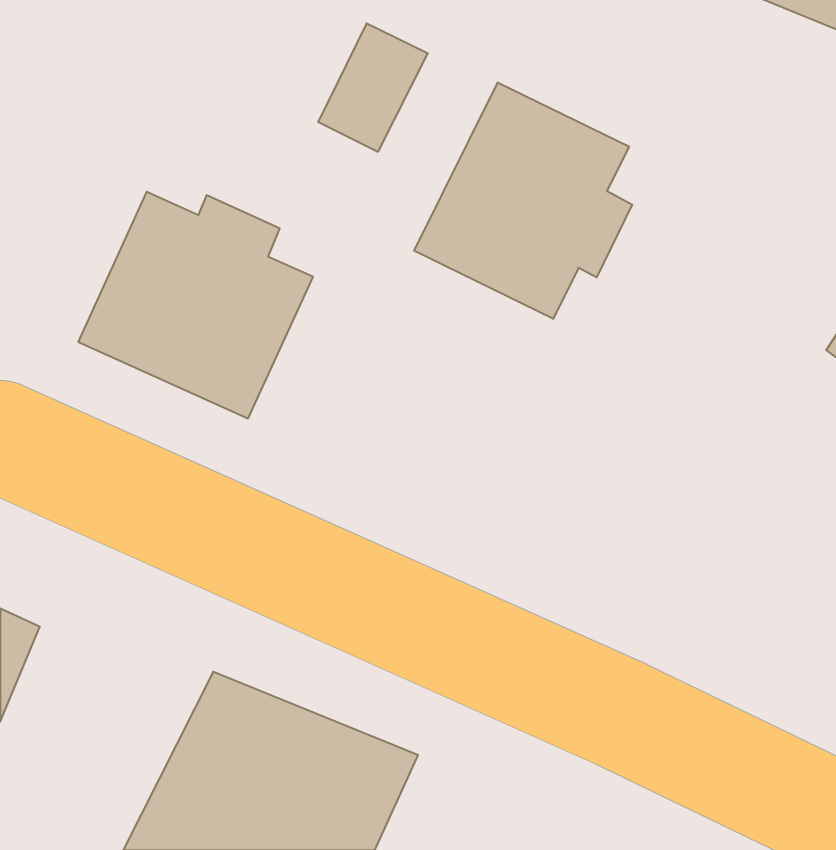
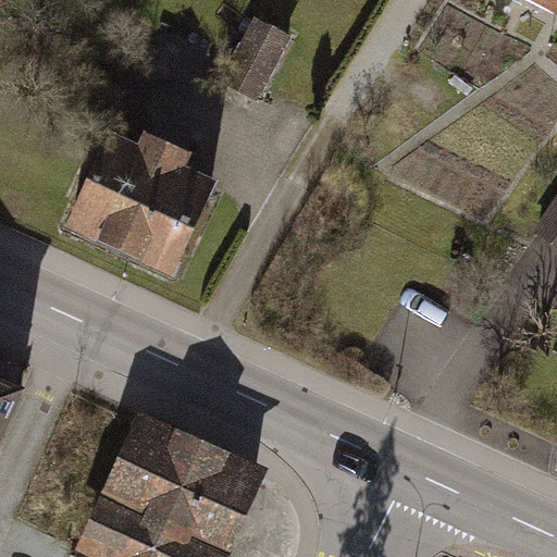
building: [414,82,632,319] -> none

